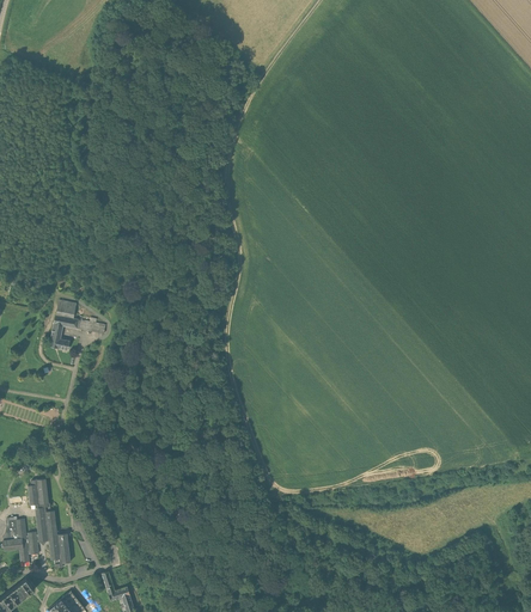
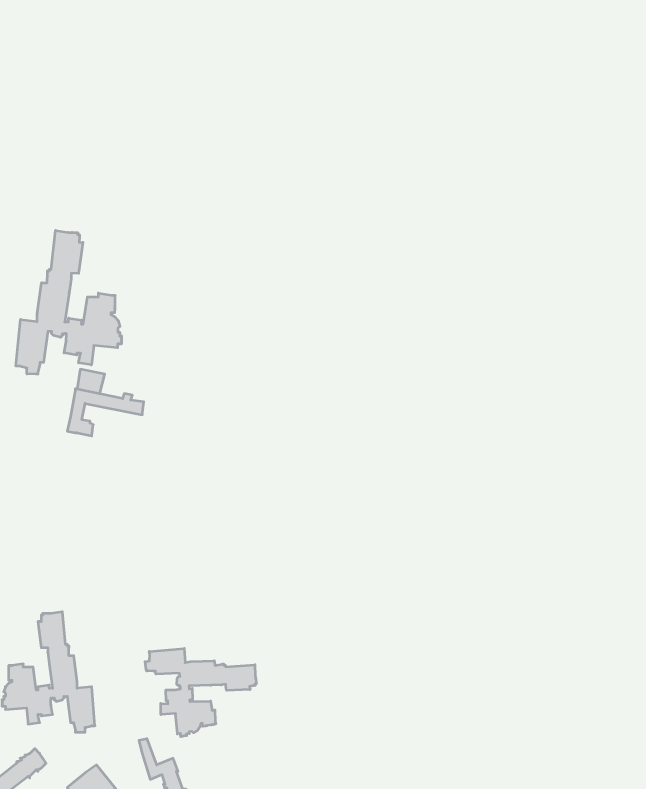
building: none -> [16,230,122,374]
building: none -> [145,648,256,737]

